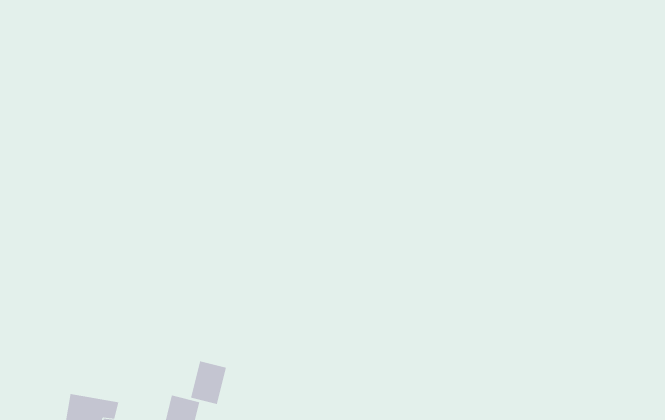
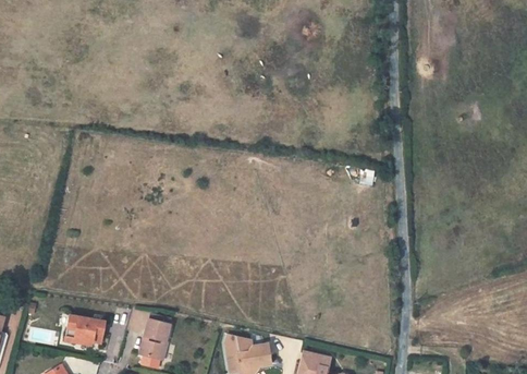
building: [191,361,227,405] -> none

